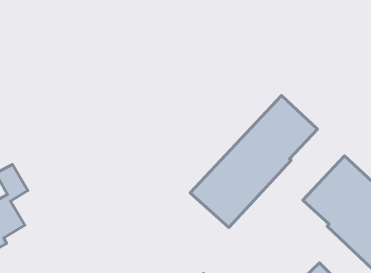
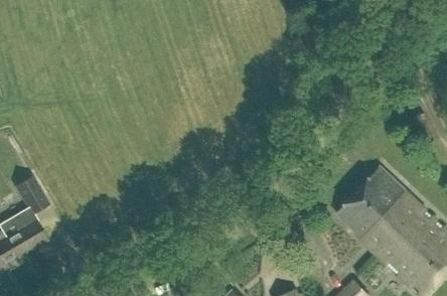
building: [190,96,317,228] -> none

